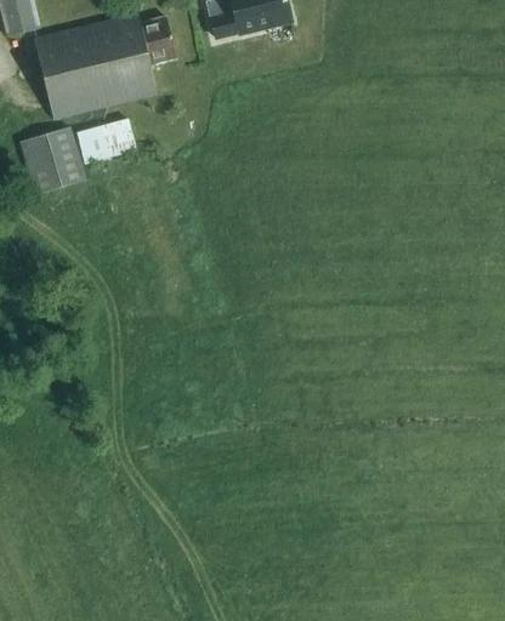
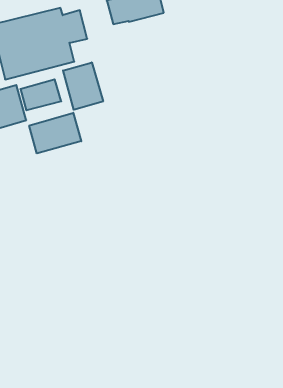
building: none -> [63,62,103,110]
building: none -> [29,113,81,153]

